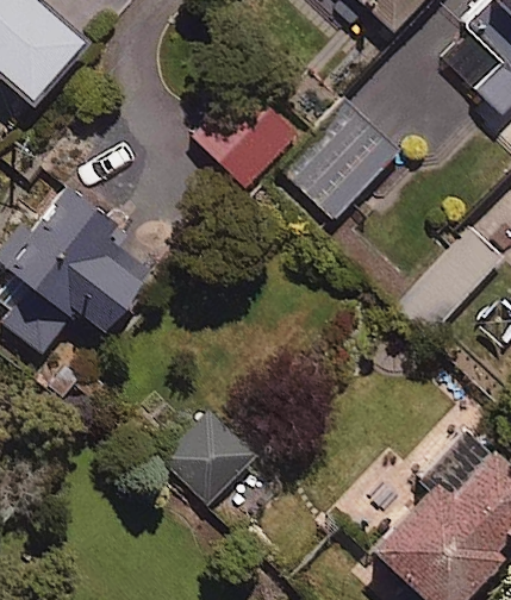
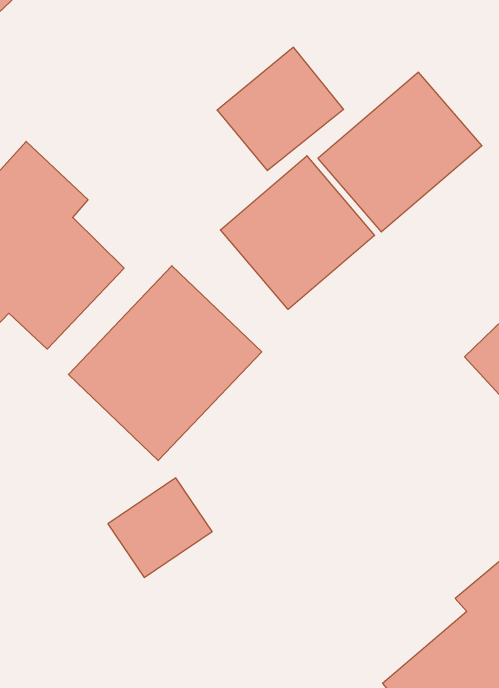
building: none -> [220,156,375,309]
building: none -> [68,266,262,461]

